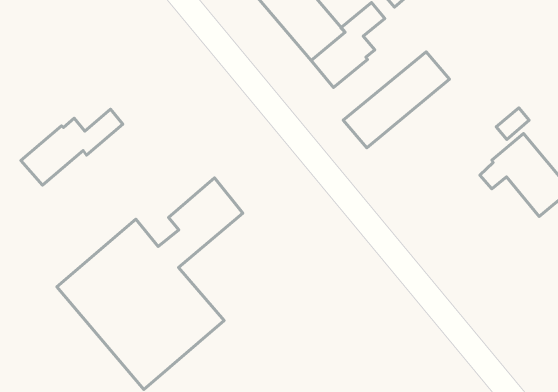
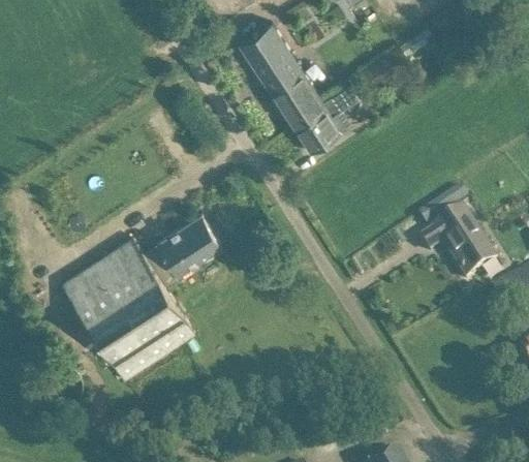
building: [343,52,450,148] -> none
building: [21,109,123,185] -> none

